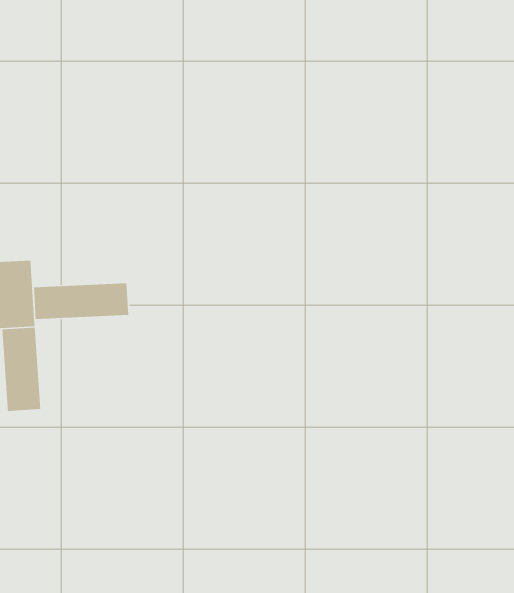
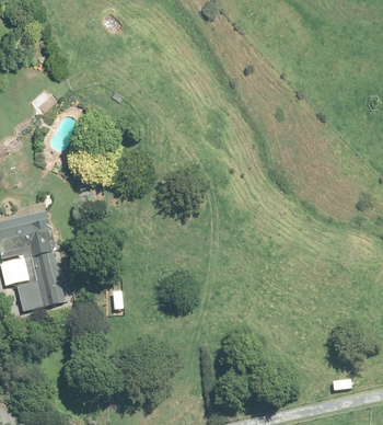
building: [33,282,129,320] -> none

